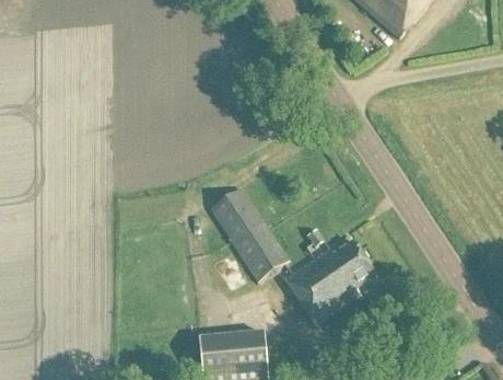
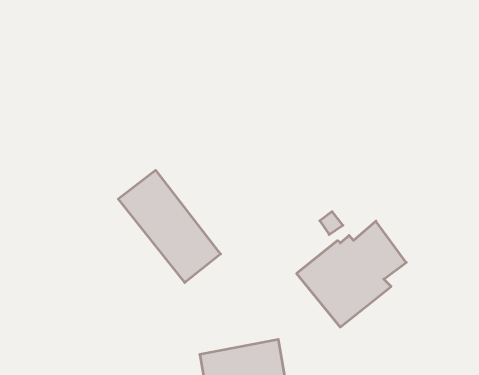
building: [209,186,289,280] -> [118,170,221,283]

